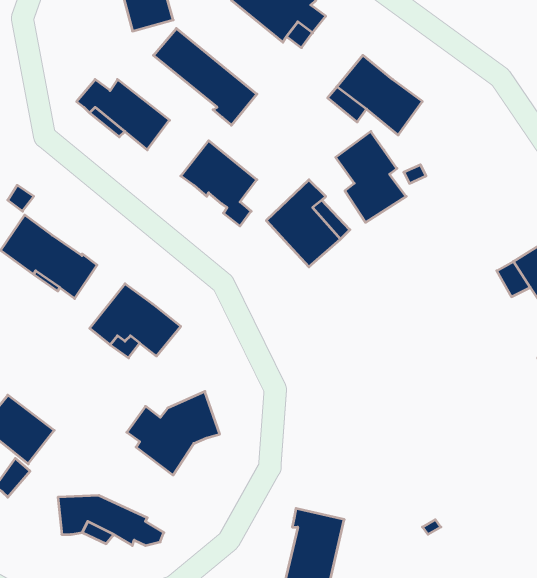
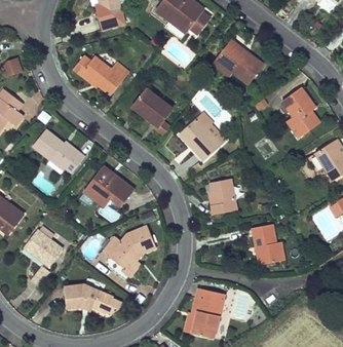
building: [153,28,257,125] -> none
building: [336,131,406,222] -> [281,87,320,138]
building: none -> [208,178,235,214]
building: none -> [252,223,283,263]

